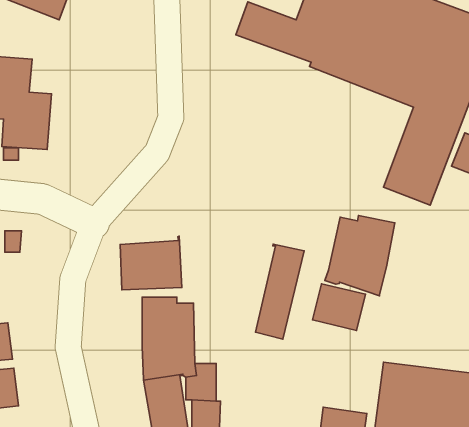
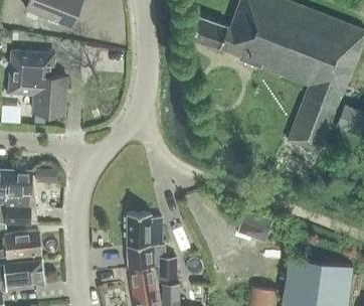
building: [325,215,395,296] -> none
building: [120,236,182,290] -> none
building: [256,244,304,339] -> none

